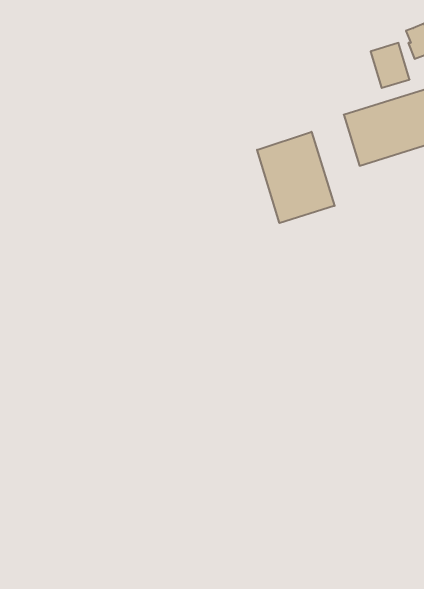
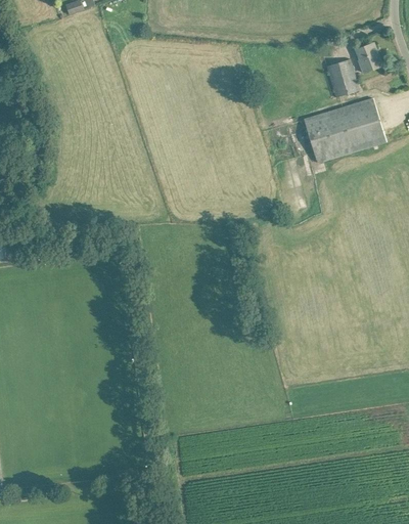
building: [257,132,335,223] -> none

